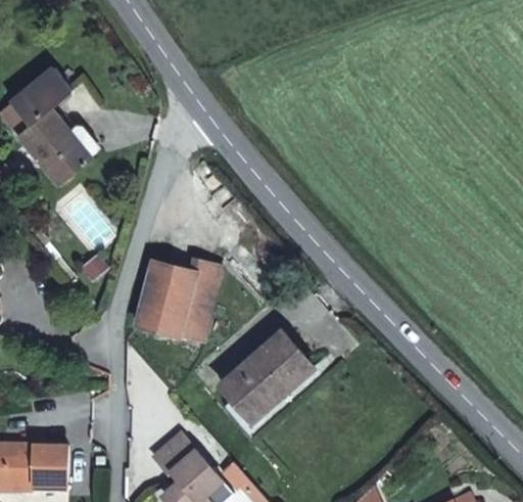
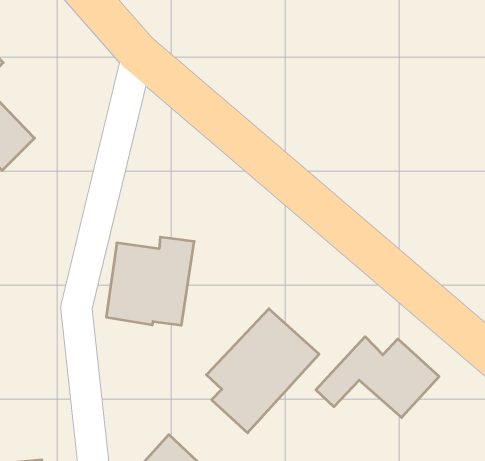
building: none -> [316,337,439,418]

